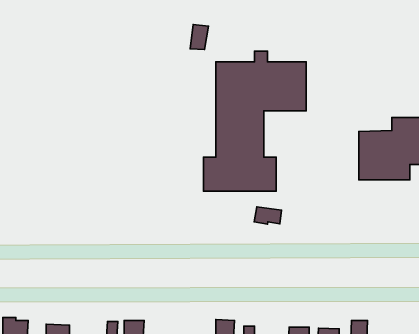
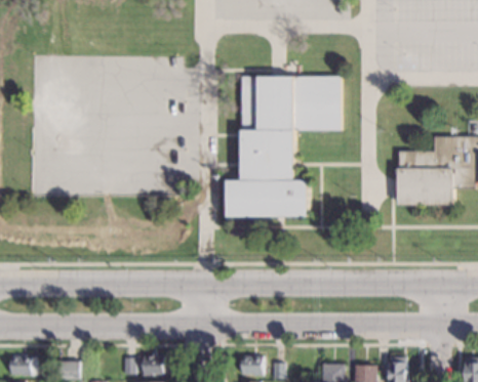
building: [190,24,208,50] -> none
building: [254,207,281,224] -> none

